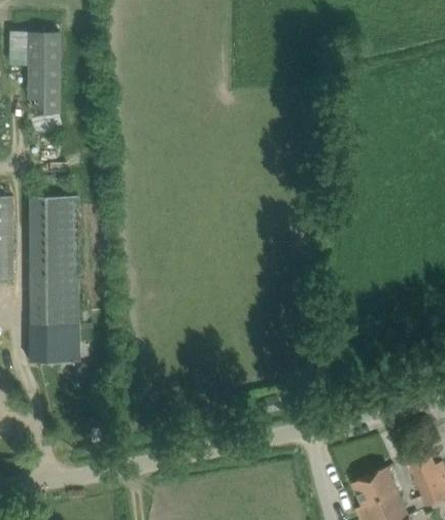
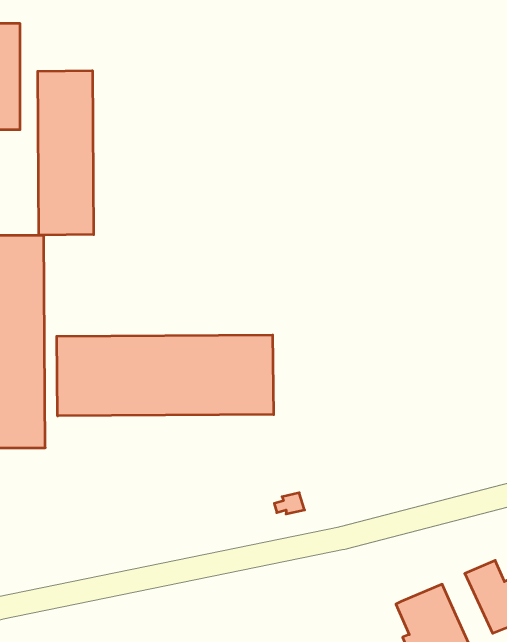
building: none -> [38,71,94,235]
building: none -> [57,335,274,416]

